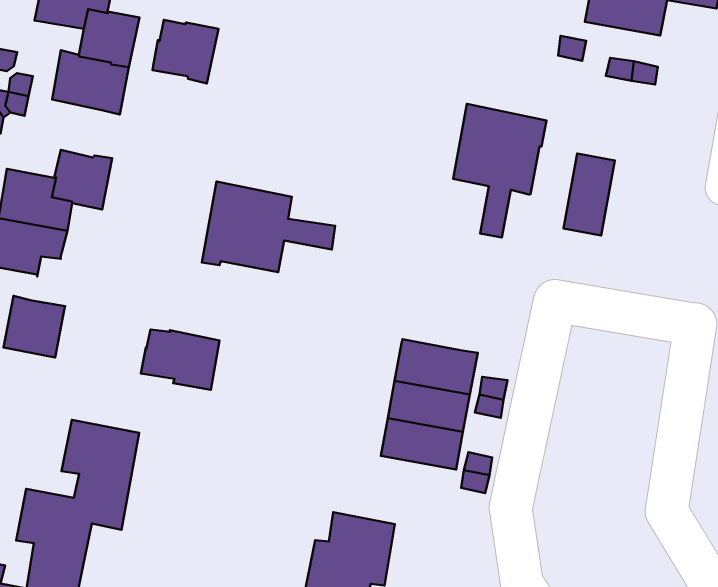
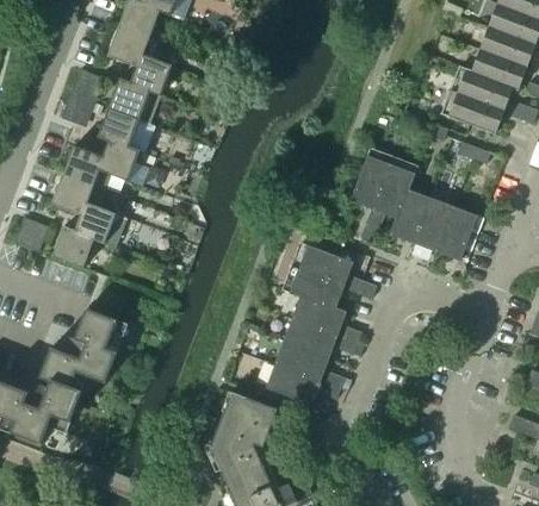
building: [153,20,218,84] -> none
building: none -> [98,107,140,148]
building: none -> [390,189,430,243]
building: none -> [436,206,477,261]
building: [202,181,335,272] -> [290,244,377,307]
building: [141,330,219,390] -> [75,204,128,248]
building: none -> [266,364,321,405]

